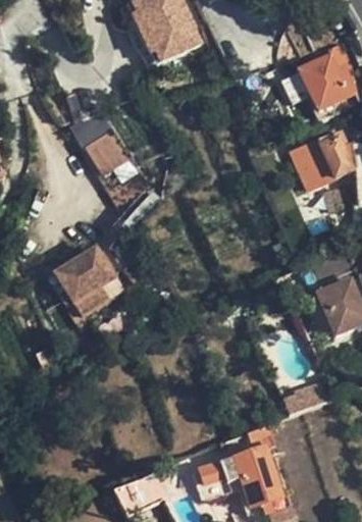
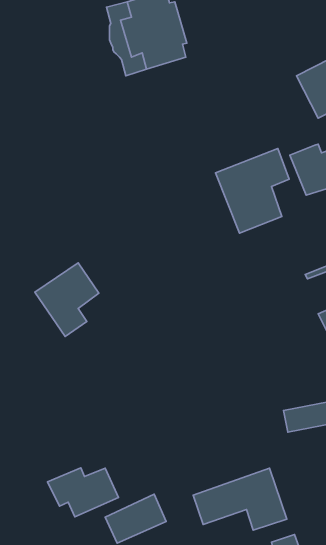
building: [80,111,130,168] -> none
building: none -> [216,148,289,233]
building: none -> [48,468,119,517]

